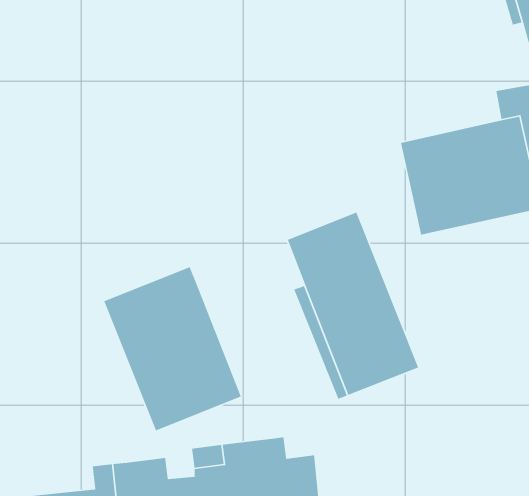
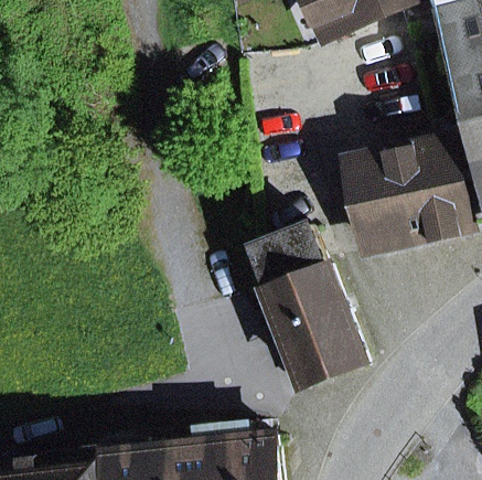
building: [103,266,242,431] -> none

